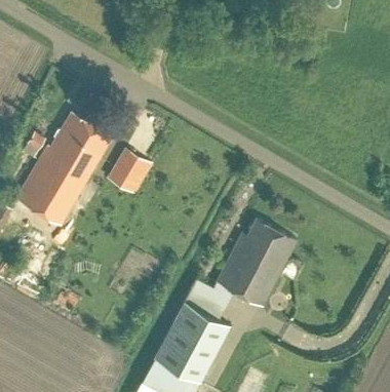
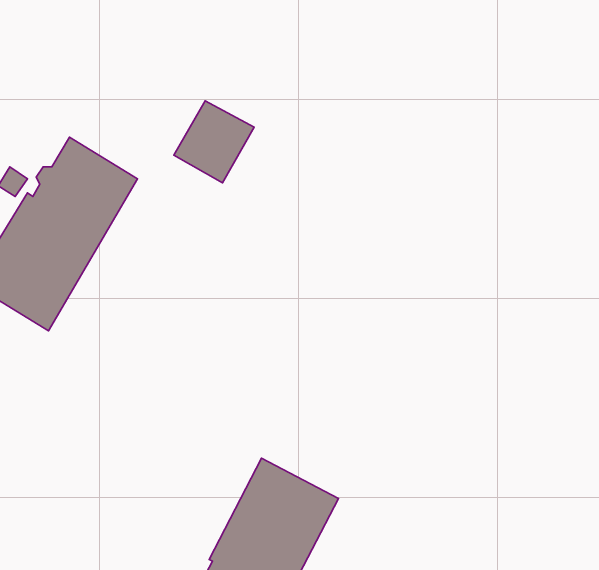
building: [107,149,154,197] -> [174,101,254,183]
building: [214,220,297,308] -> none

